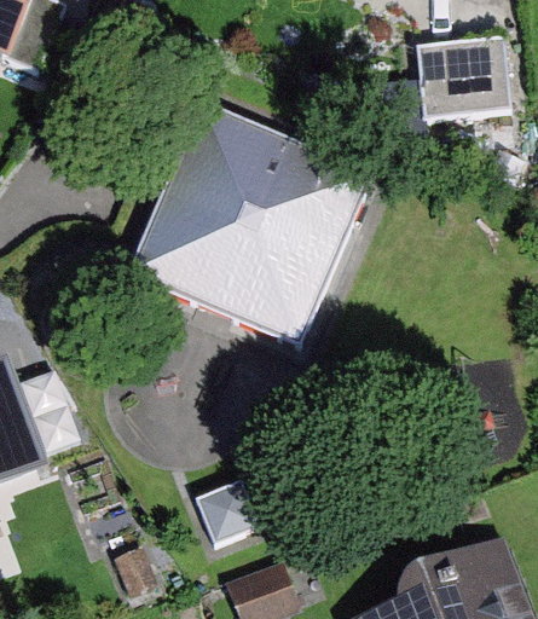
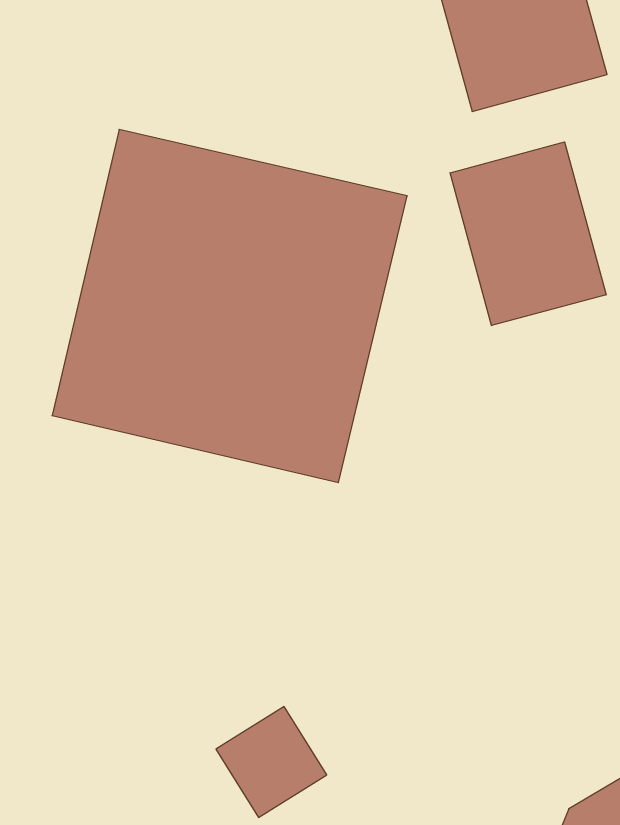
building: none -> [450,142,606,326]

